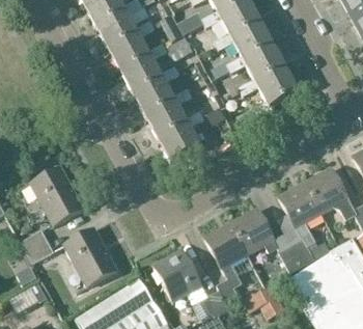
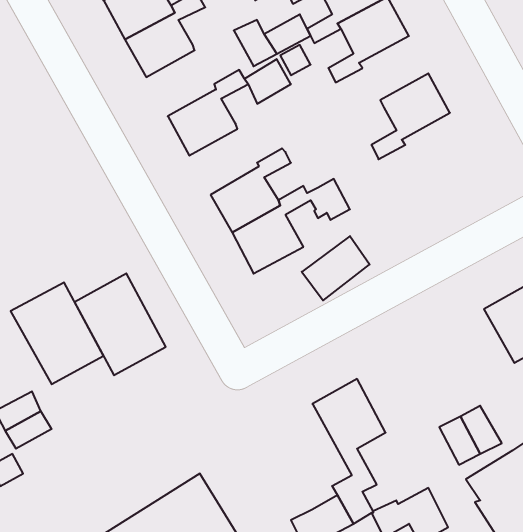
building: [109,20,156,70] -> none
building: [227,23,273,73] -> none
building: [134,65,180,115] -> none
building: [252,67,299,117] -> none
building: [279,182,323,227] -> none
building: [231,208,278,253] -> none
building: [64,227,117,286] -> [75,273,166,375]
building: [153,249,202,301] -> none

